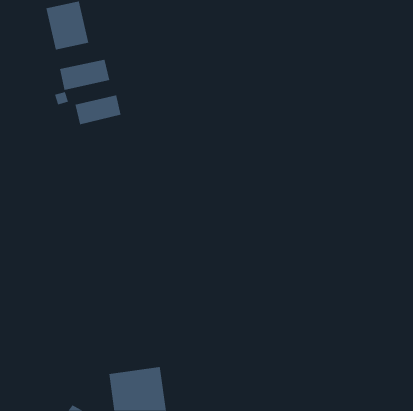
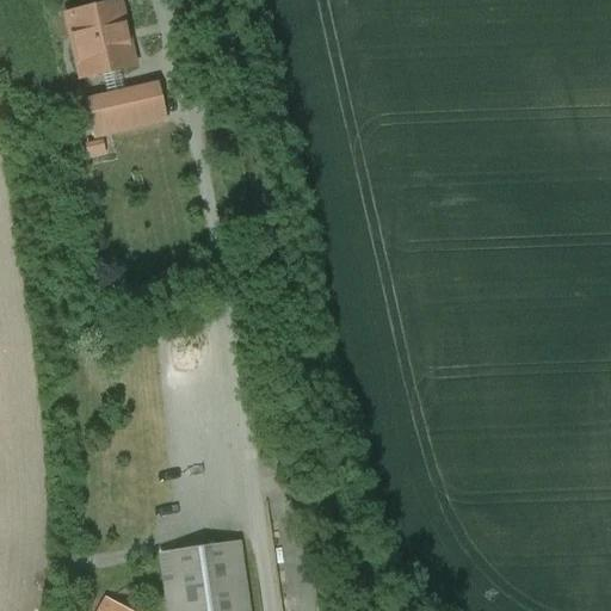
building: [75,95,121,125] -> none

